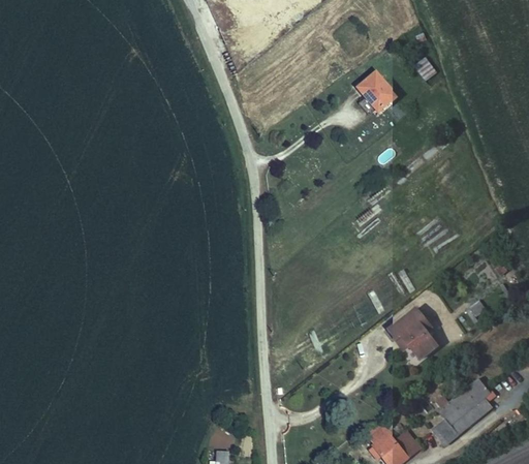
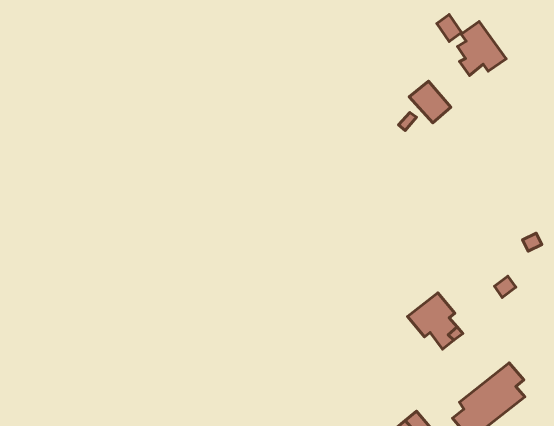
building: none -> [458,22,506,75]
building: [357,69,396,107] -> [409,81,451,123]

